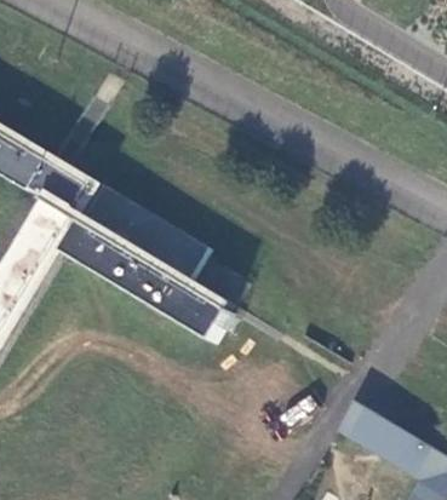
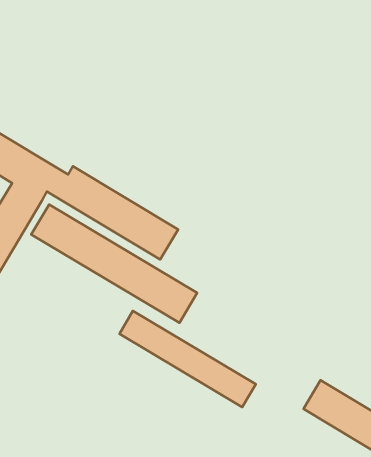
building: none -> [119,311,256,407]

